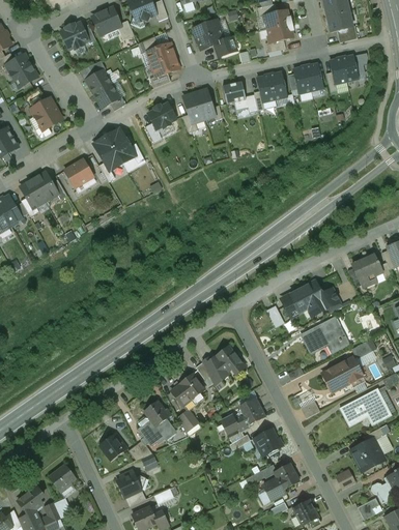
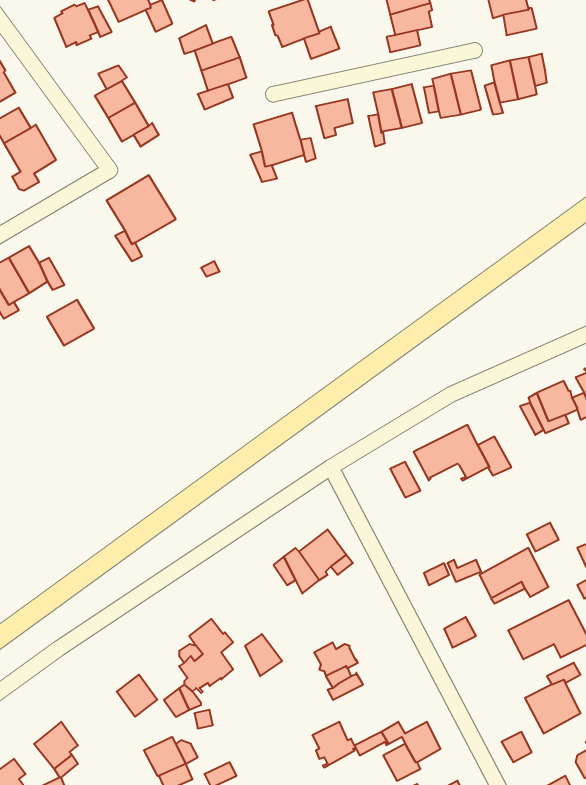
building: [147,101,177,129] -> none
building: [64,158,93,186] -> [47,300,94,345]
building: [302,318,349,350] -> none
building: [171,373,204,405] -> none
building: [239,396,265,425] -> none
building: [255,428,282,455] -> [312,722,356,767]

